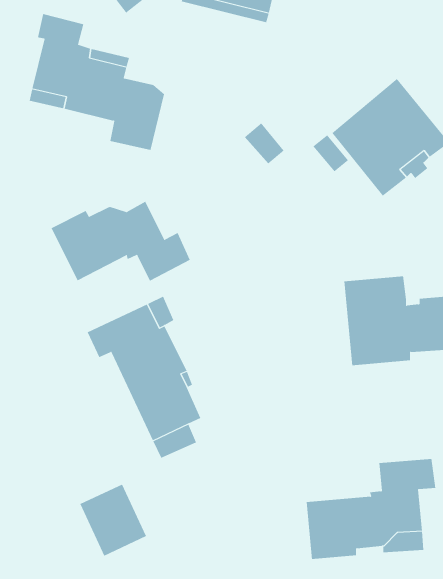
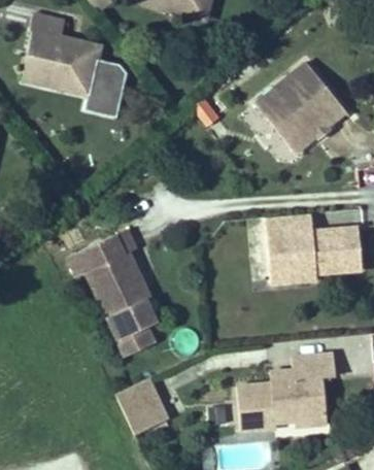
building: [51,201,191,281] -> none
building: [80,484,147,556] -> [116,377,168,433]

